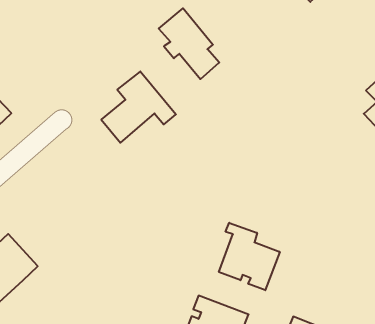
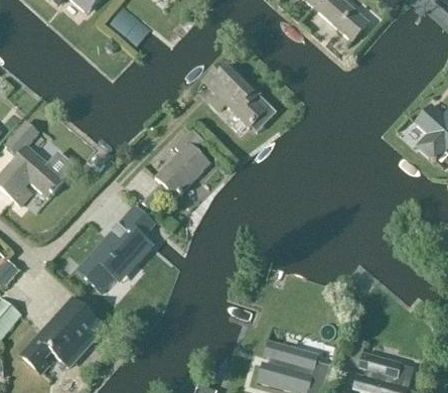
building: none -> [78,206,154,289]
building: [219,223,280,290] -> none

